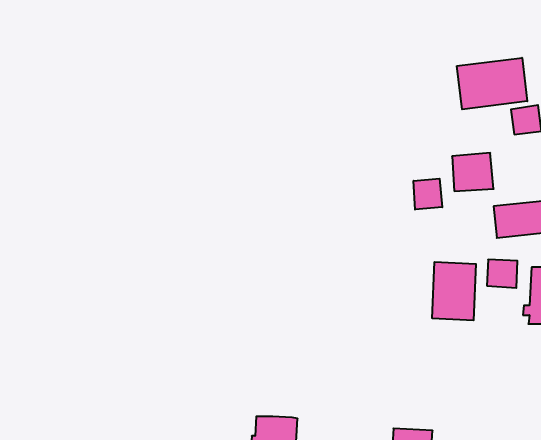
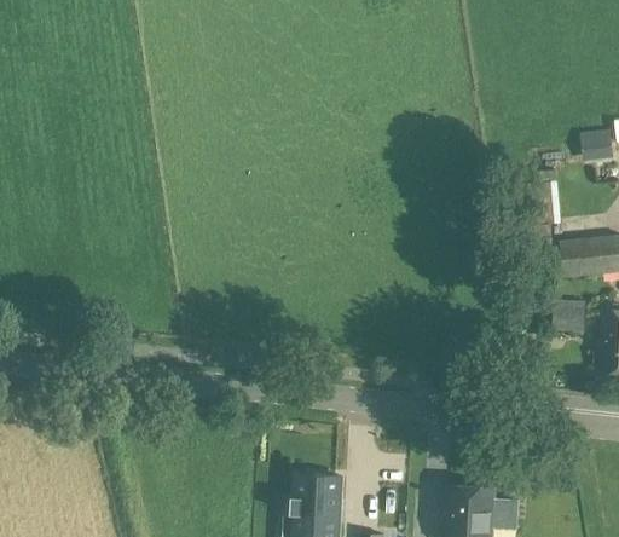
building: [457,58,527,109] -> none
building: [414,179,442,210] -> none
building: [432,262,476,320] -> none

